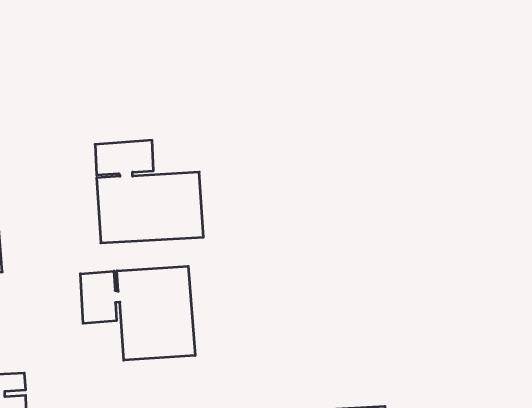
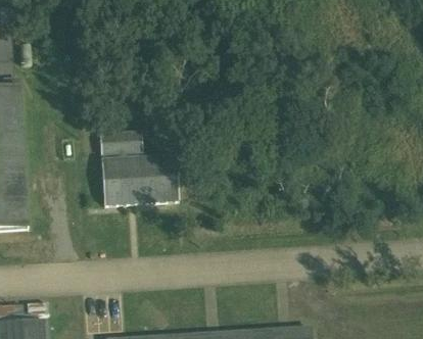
building: [80,266,195,360] -> none

